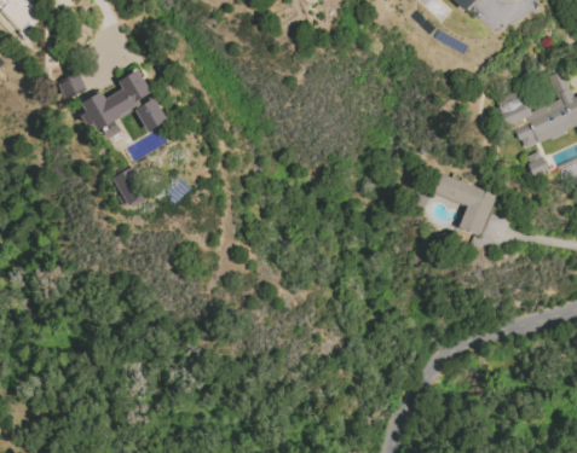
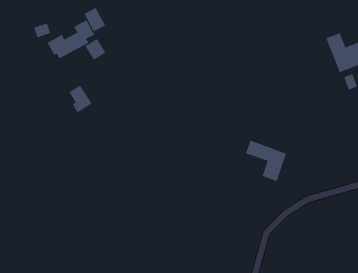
building: none -> [84,7,106,32]
building: [433,173,496,236] -> [245,140,287,182]

